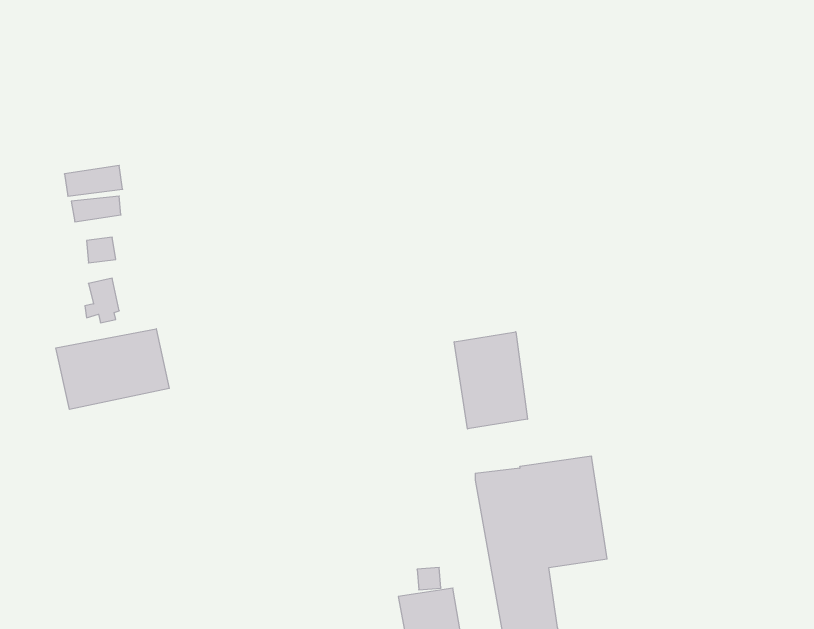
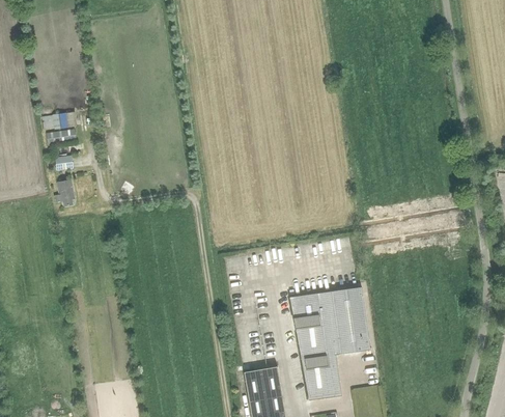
building: [56,329,169,409] -> none
building: [454,332,527,429] -> none

